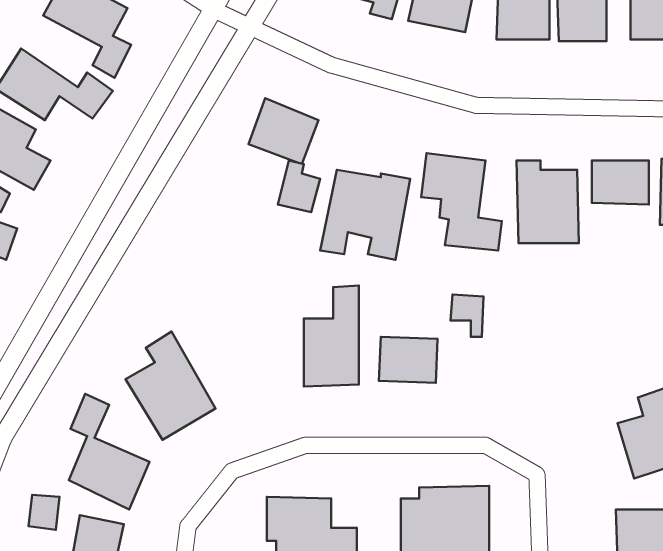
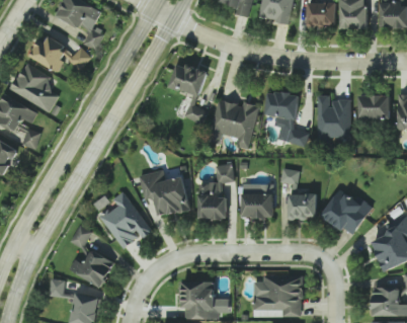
building: none -> [140,171,188,216]
building: none -> [321,187,371,236]
building: none -> [288,193,317,219]

